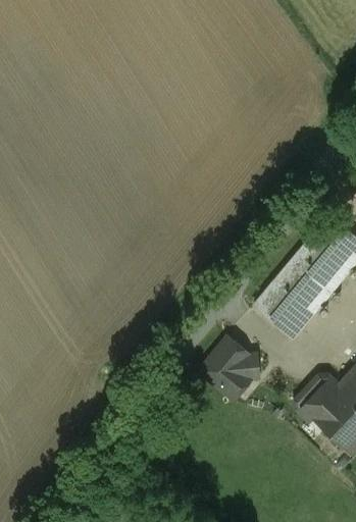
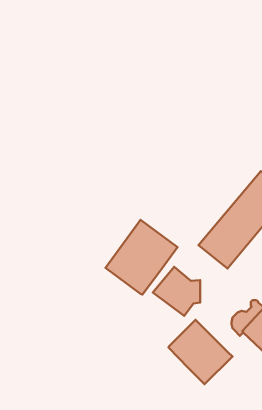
building: none -> [105,220,178,294]
building: none -> [168,320,232,384]

